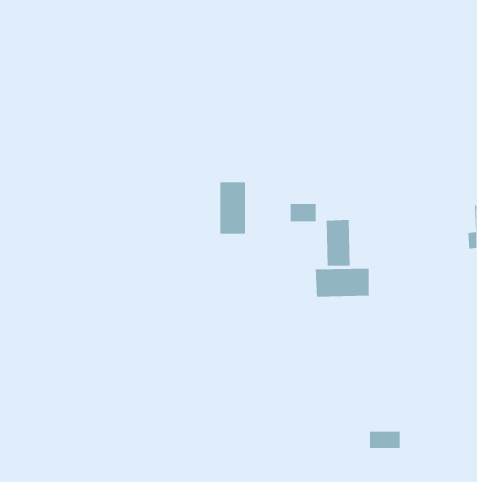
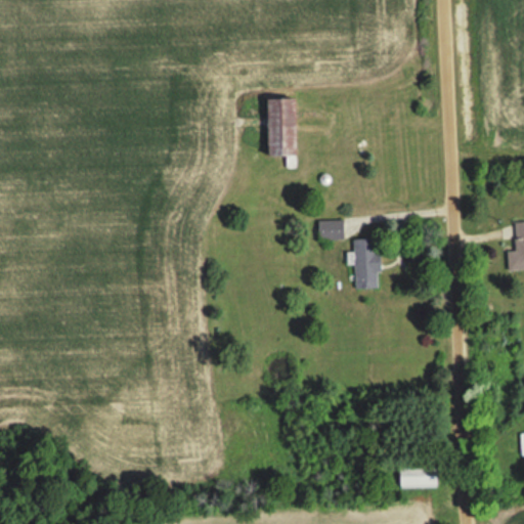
building: [220,182,246,235] -> [273,98,302,156]
building: [315,268,370,297] -> none

